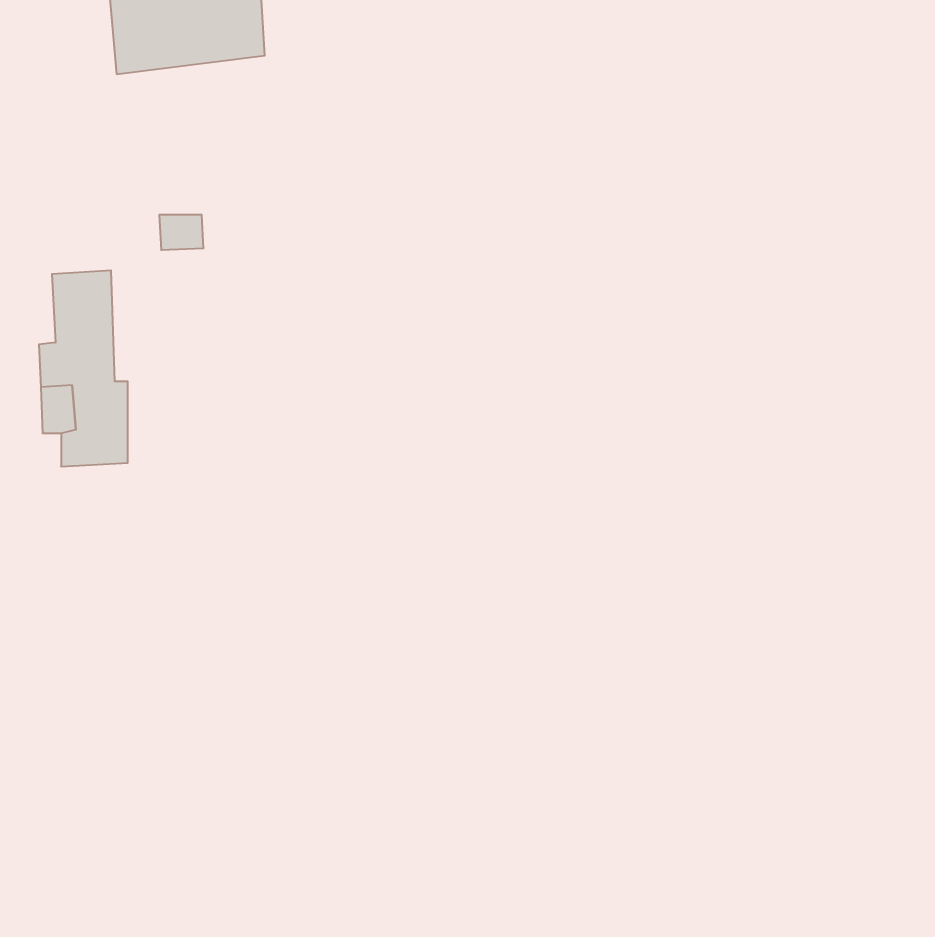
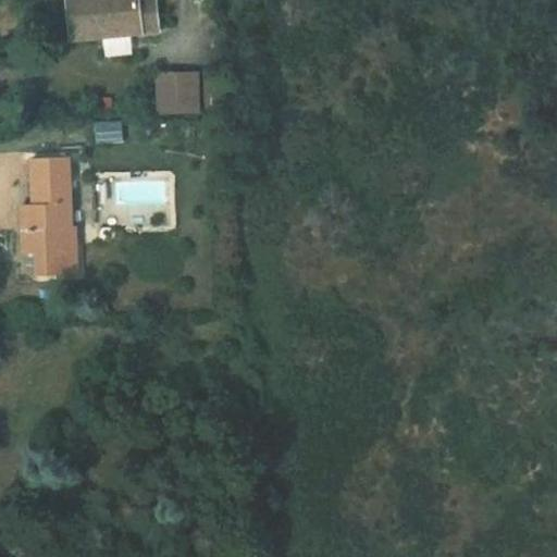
building: none -> [159,69,202,111]

